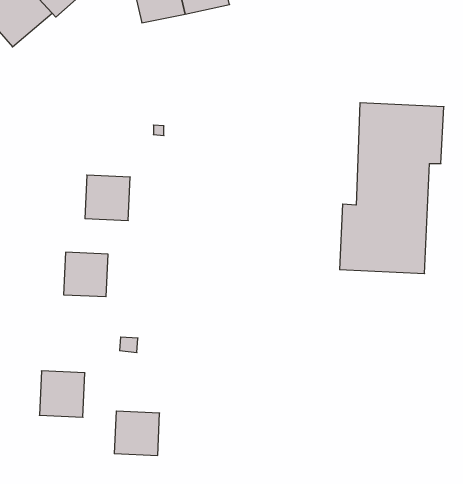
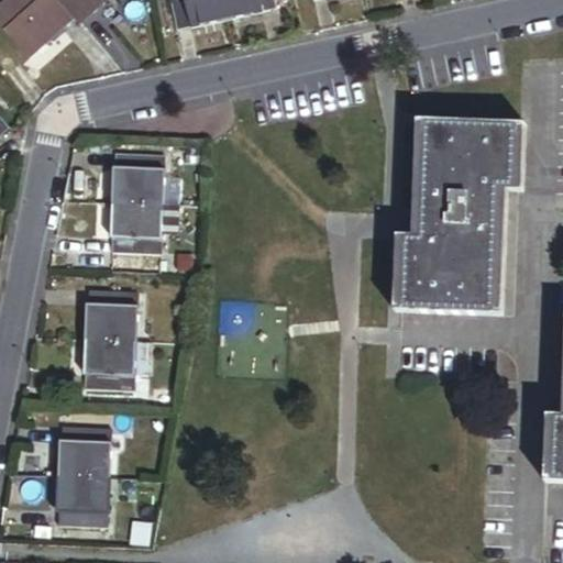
building: none -> [111,152,178,205]
building: none -> [82,339,150,390]
building: [114,411,160,455] -> [55,476,107,527]

